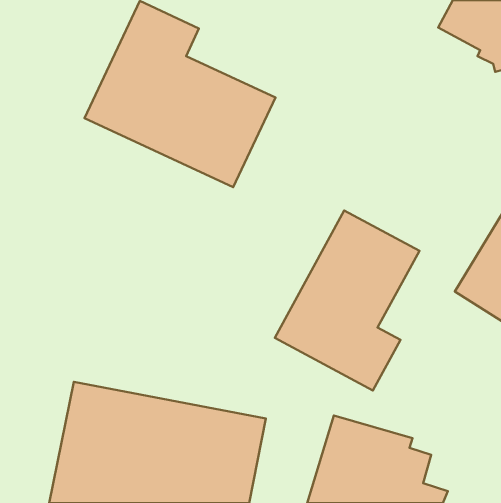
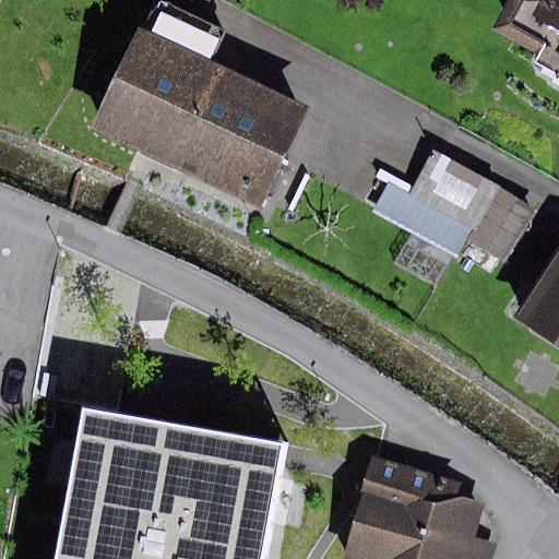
building: none -> [374,155,532,255]
building: [275,211,419,391] -> none

